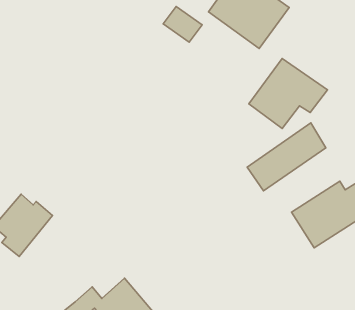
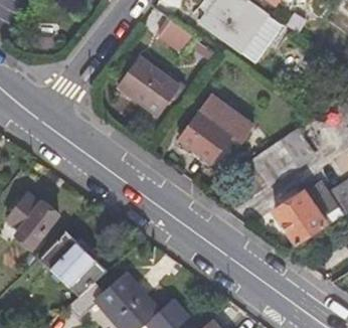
building: none -> [120,58,184,114]
building: [249,59,327,129] -> [180,100,253,165]
building: none -> [37,228,104,294]

